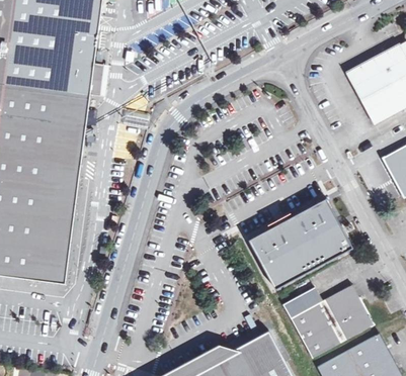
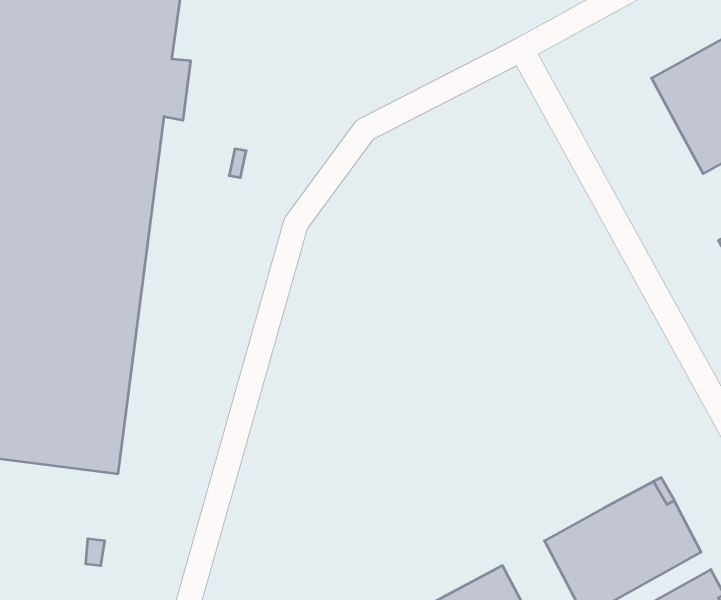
building: [249,197,353,288] -> none
building: [282,287,322,317] -> none

